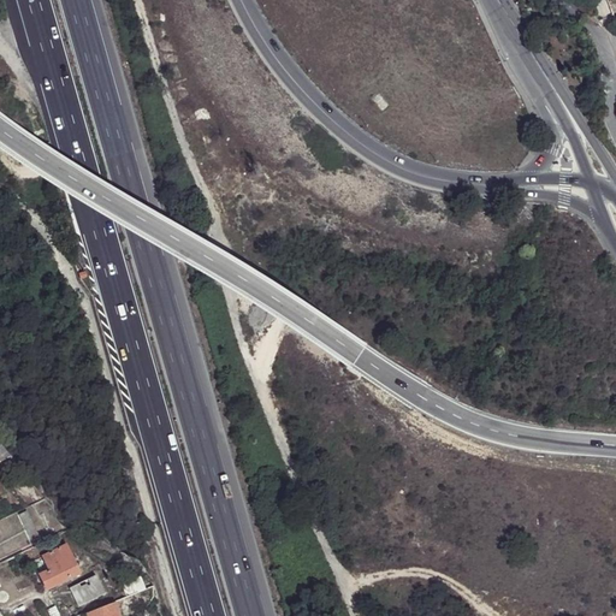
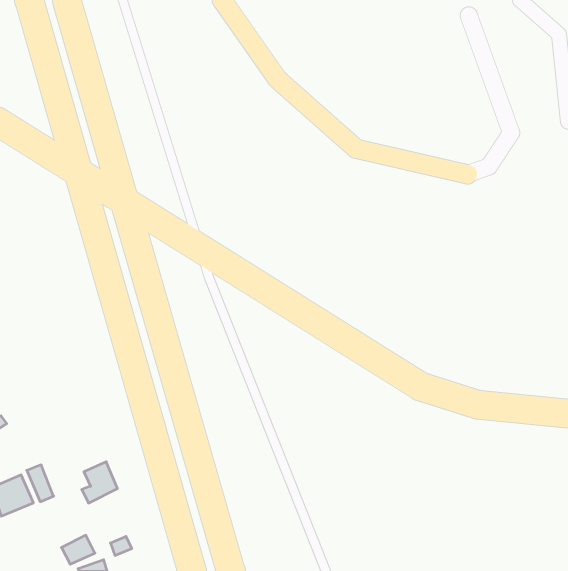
building: [38,545,77,590] -> [82,462,117,503]

